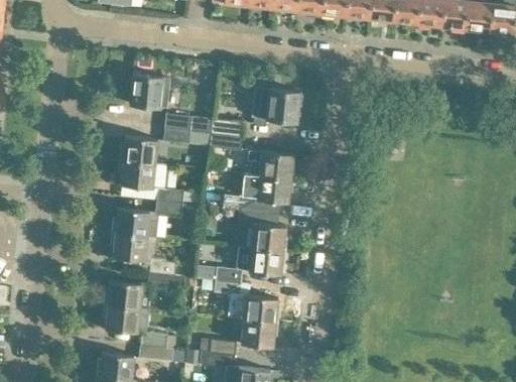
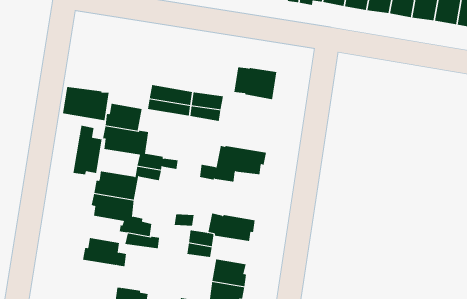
building: [128,75,177,109] -> [62,86,110,121]
building: [247,151,294,179] -> none
building: none -> [73,125,102,175]
building: [235,211,287,252] -> none
building: [102,304,140,333] -> none

